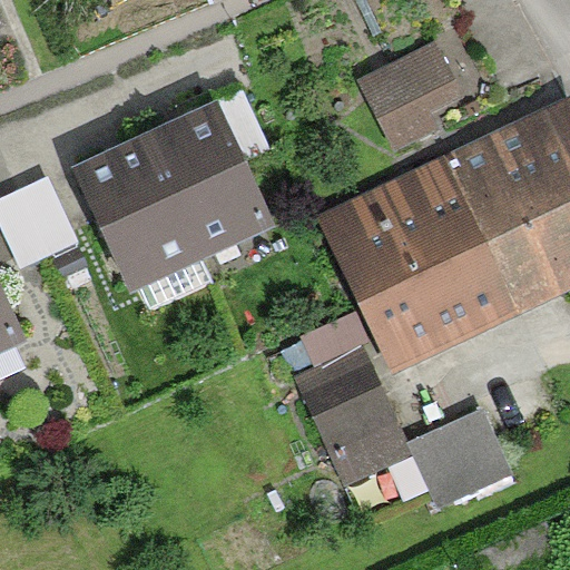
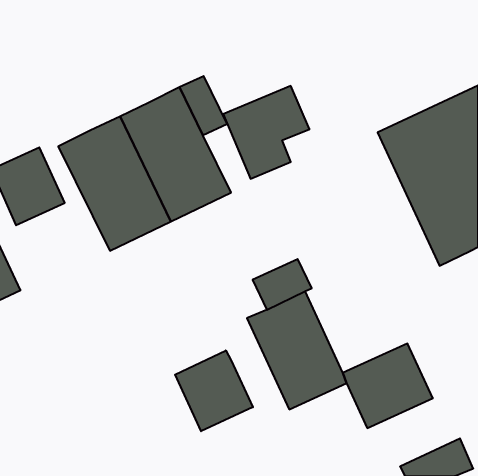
building: [366,36,469,146] -> [223,86,310,179]
building: [318,157,521,374] -> none
building: none -> [175,350,253,431]

